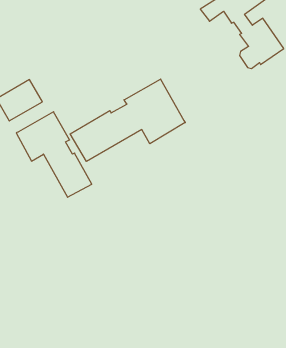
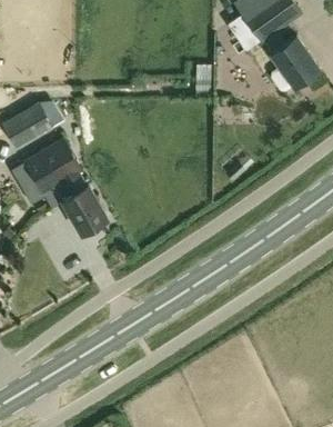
building: [70,79,185,161] -> none

